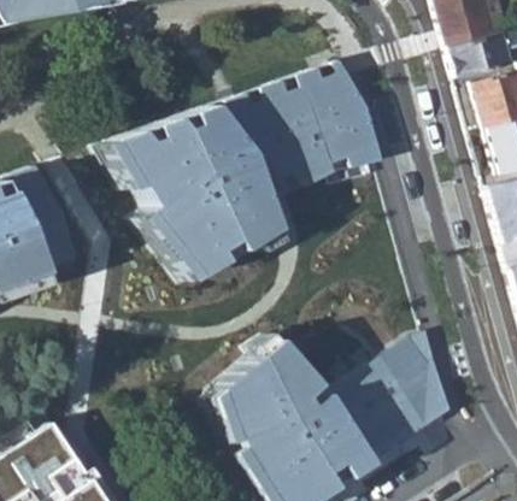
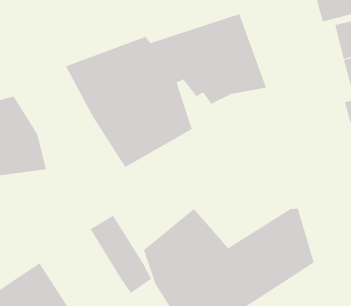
building: none -> [90,215,152,294]

